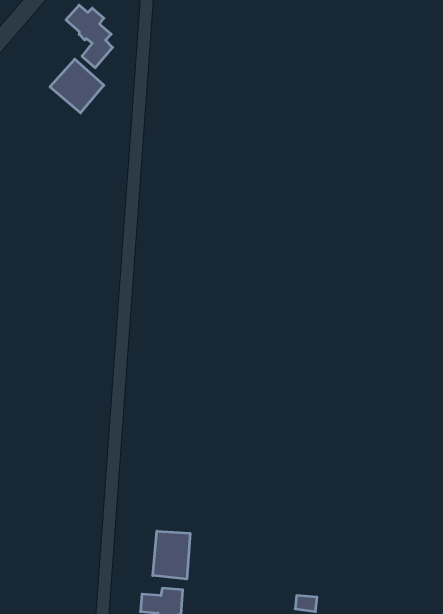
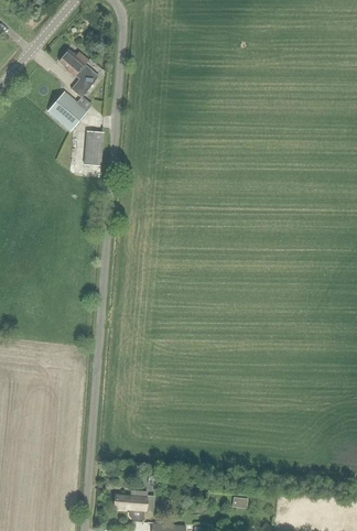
building: none -> [85,130,104,165]
building: [153,531,190,579] -> none

